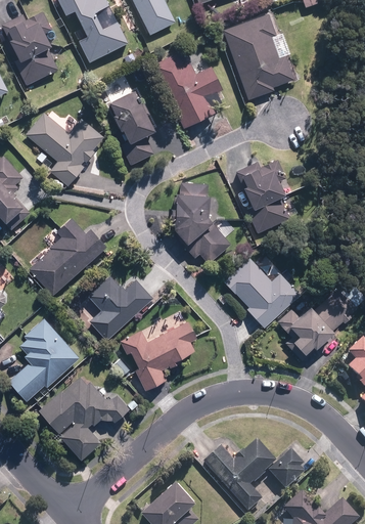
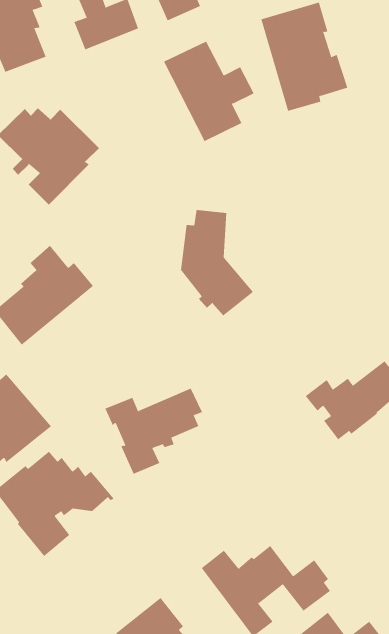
building: [108,91,156,165] -> none
building: [236,160,289,234] -> none
building: [224,256,301,345] -> none
building: [87,274,152,341] -> none

